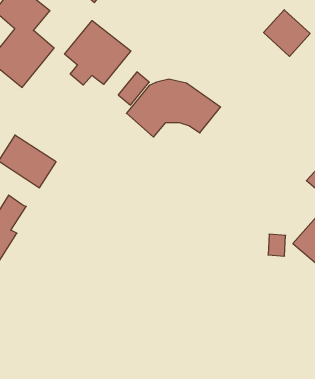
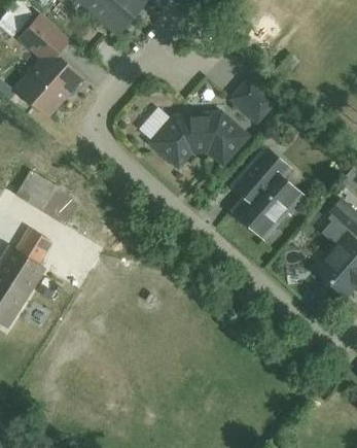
building: [264,10,310,56] -> [233,76,279,123]
building: [65,21,131,85] -> none
building: none -> [230,147,302,244]

